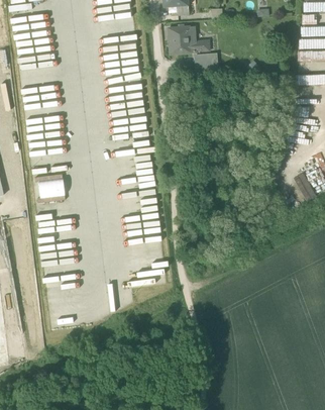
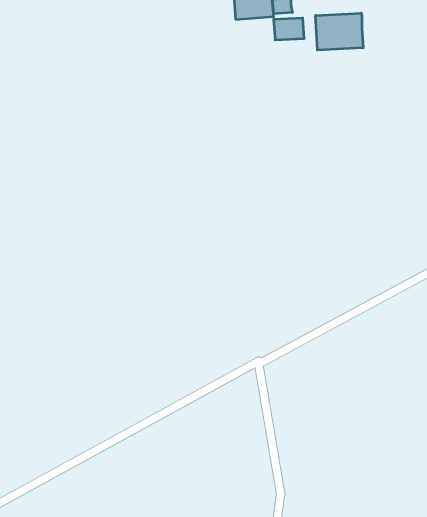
building: none -> [316,13,363,50]

